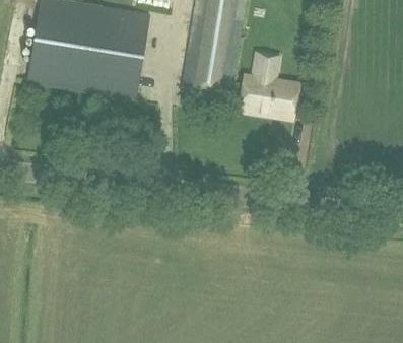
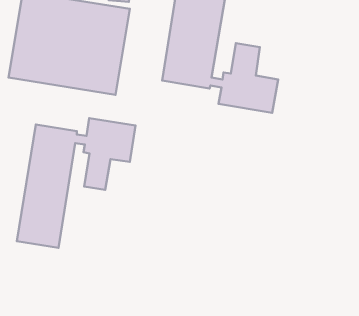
building: none -> [17,118,135,248]

